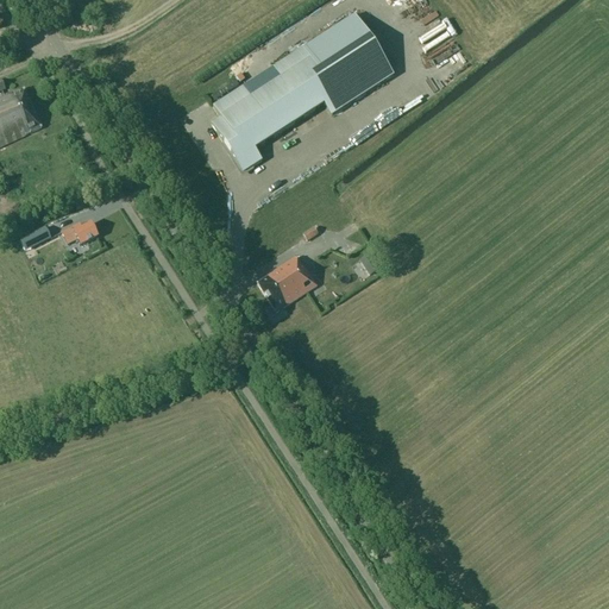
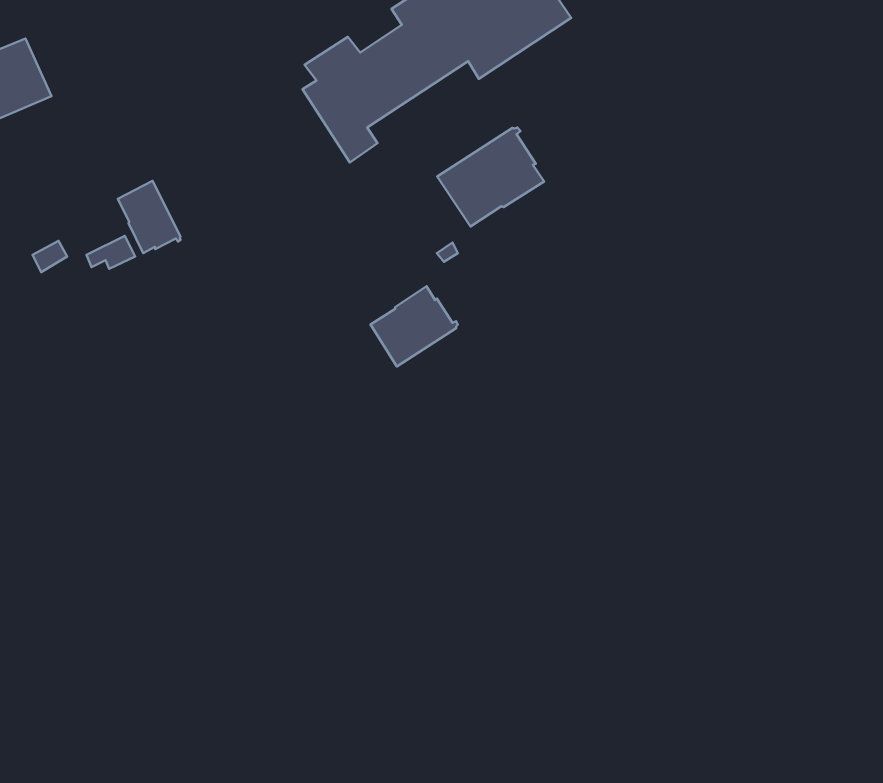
building: none -> [437,127,544,227]
building: none -> [118,181,180,253]

